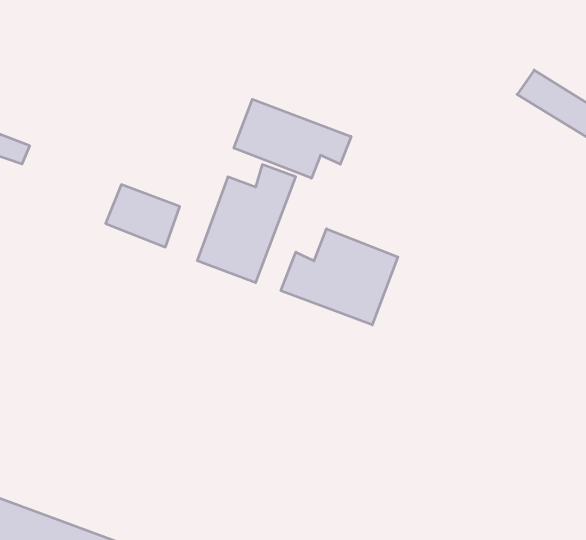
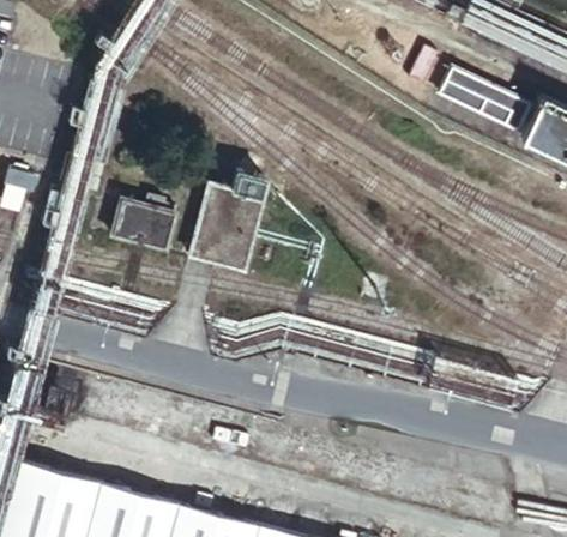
building: [234,99,351,178] -> none
building: [281,229,398,325] -> none

